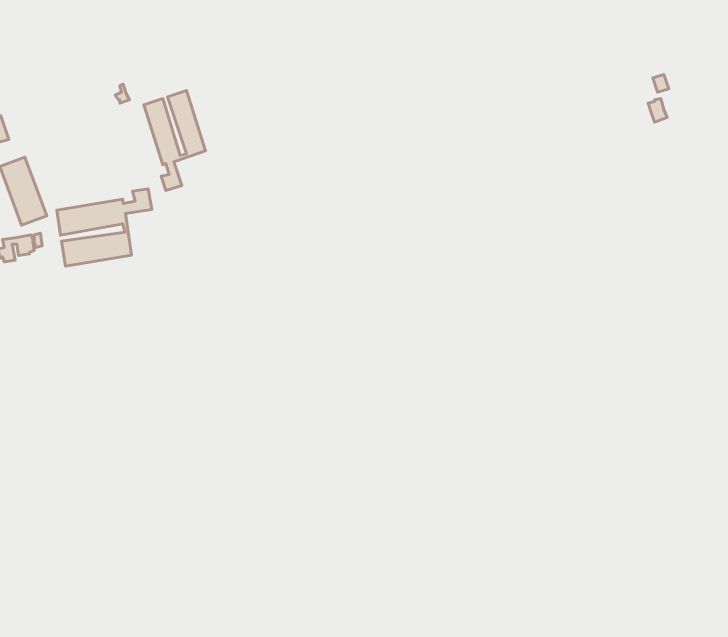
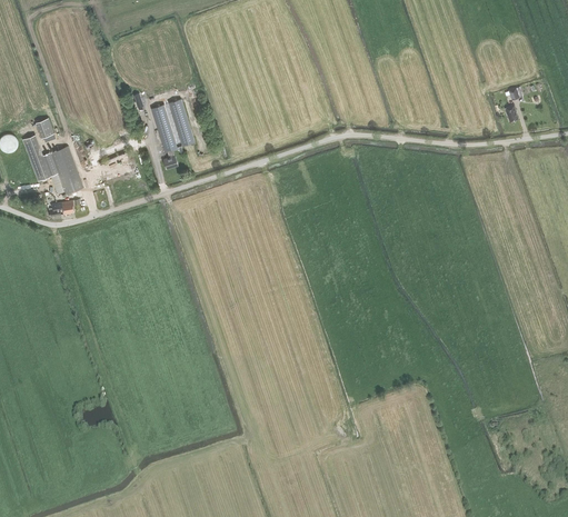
building: [57,189,152,266] -> none

